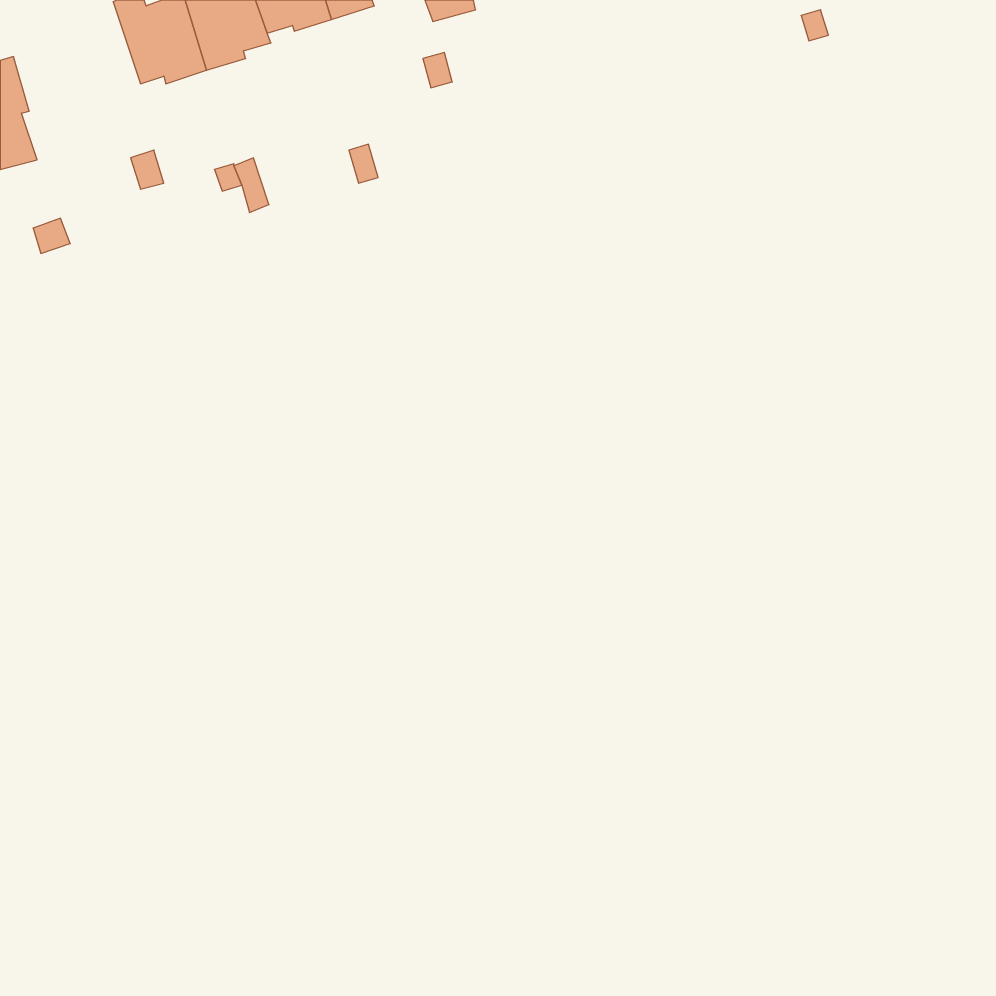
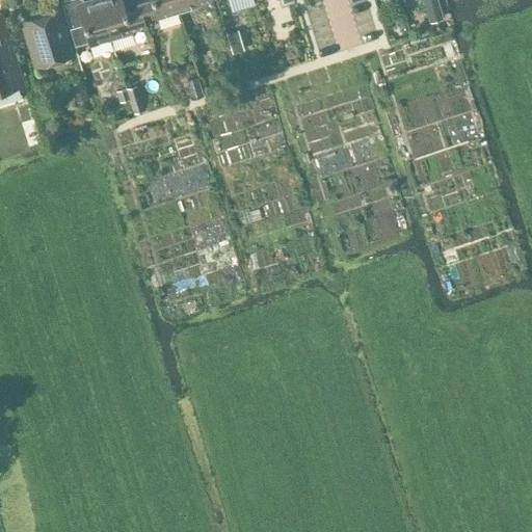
building: none -> [24,10,71,62]

